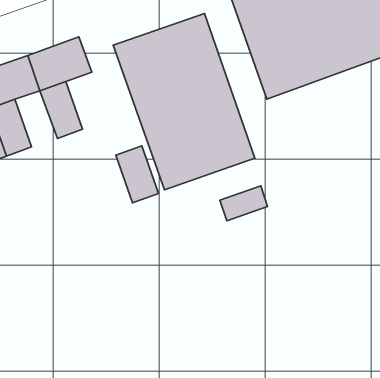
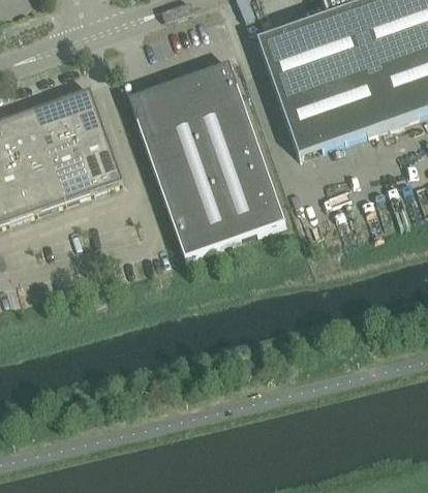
building: none -> [19,146,66,208]
building: [116,146,158,203] -> [75,125,123,188]
building: [220,186,268,221] -> none

